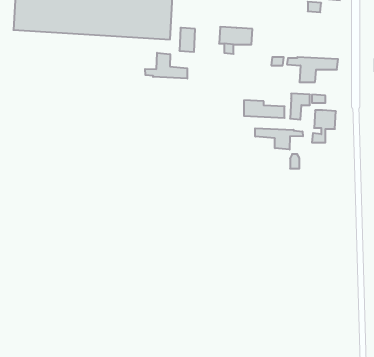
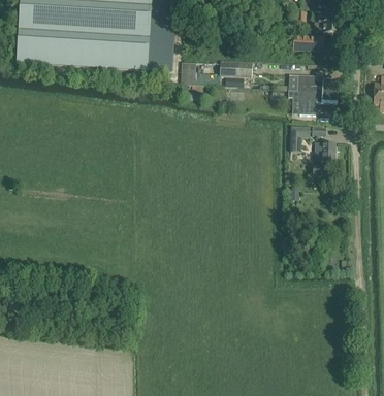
building: [145,53,187,79] -> none
building: [244,100,285,118] -> [296,73,337,91]
building: [255,128,303,150] -> none

